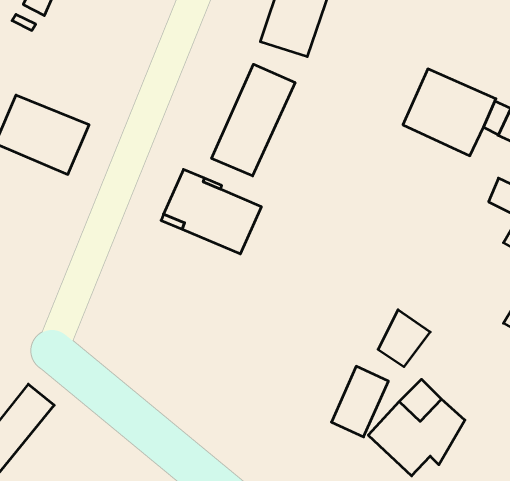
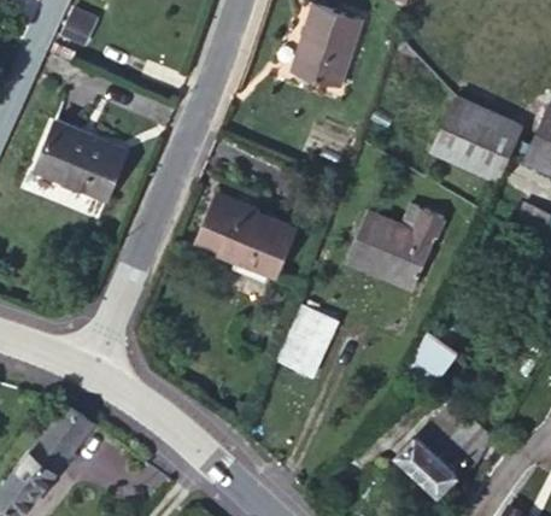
building: [212,64,295,176] -> none
building: none -> [346,205,444,289]
building: [331,366,388,437] -> [281,309,336,377]

